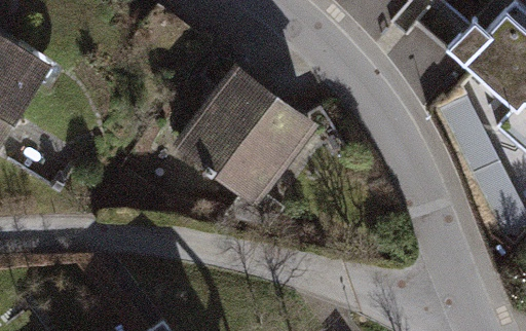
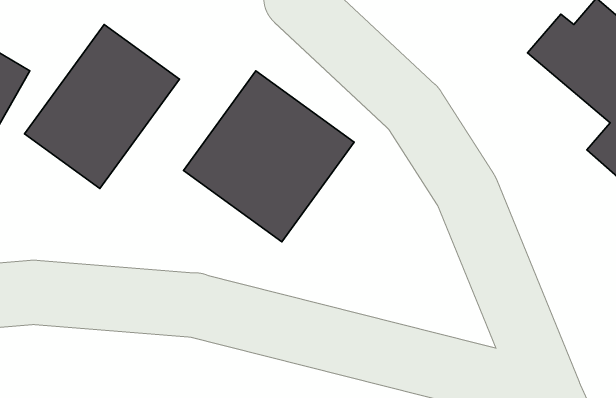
building: none -> [24,24,179,189]

